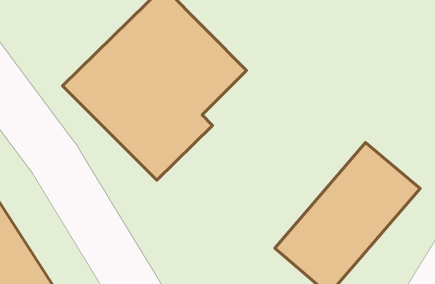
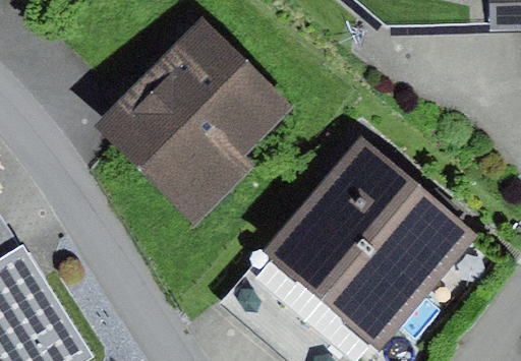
building: none -> [264,136,418,299]

